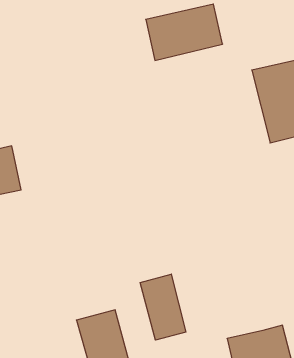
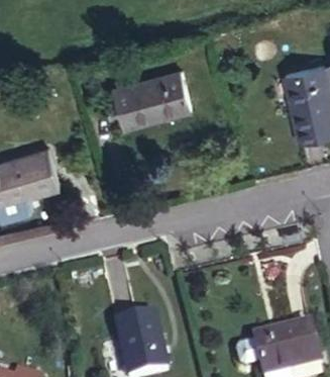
building: [146,4,223,60] -> [114,73,190,128]
building: [140,274,186,340] -> none

